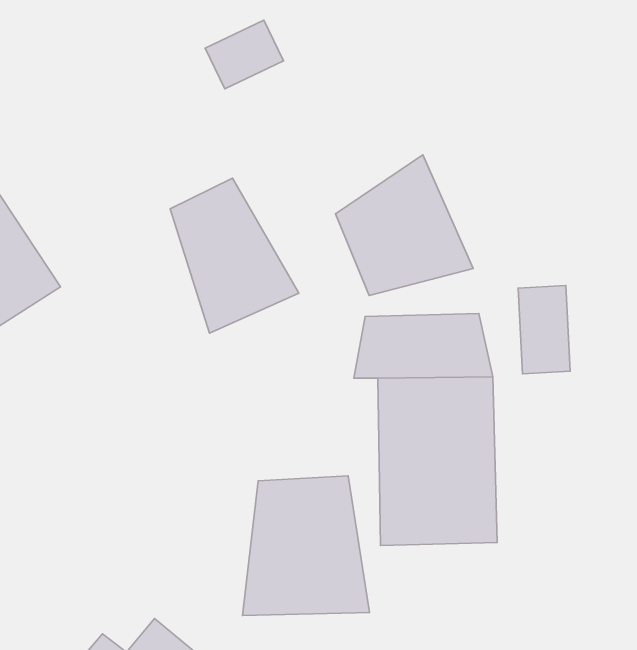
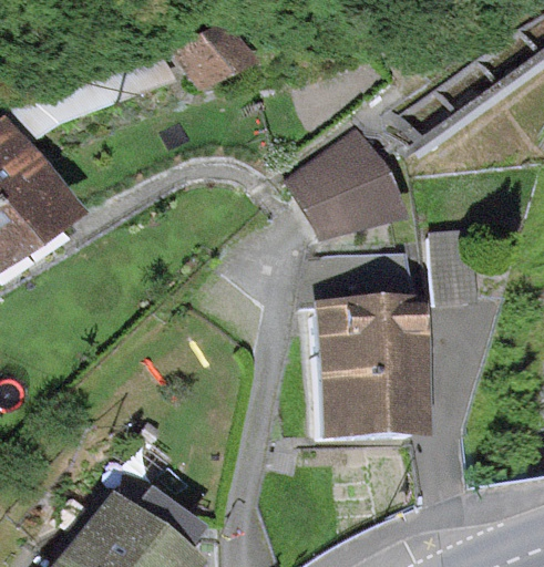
building: [170,178,299,333] -> none
building: [243,476,370,615] -> none

